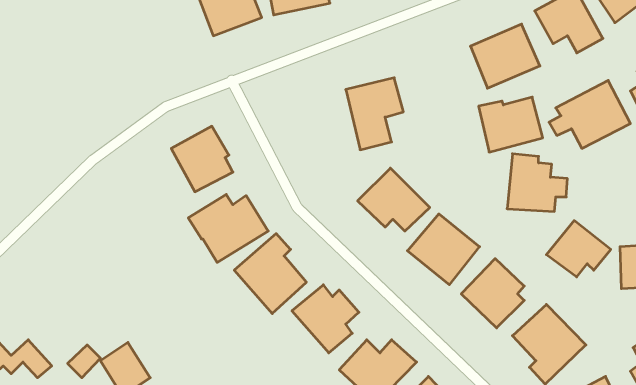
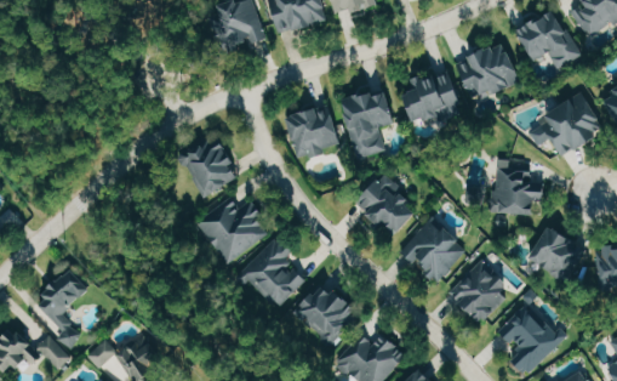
building: none -> [286,106,338,158]
building: [479,97,543,152] -> [402,73,462,124]
building: none -> [35,269,90,347]

